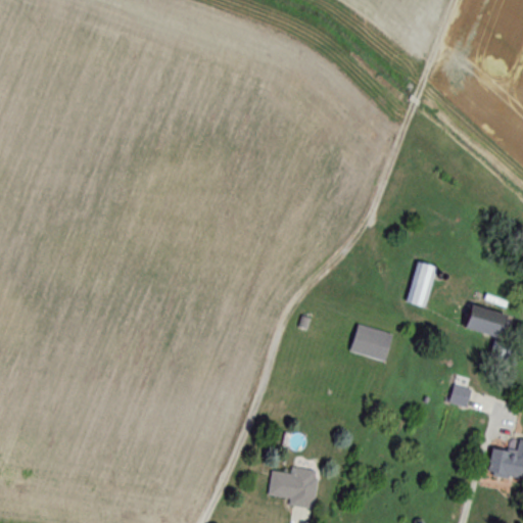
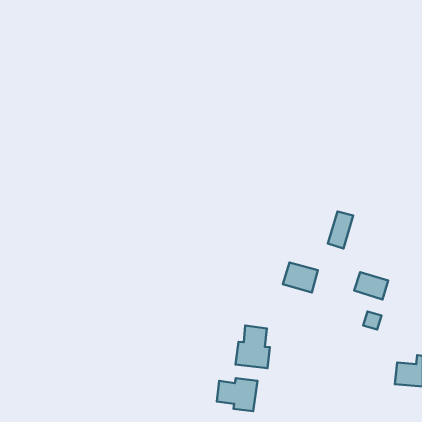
building: [467,304,509,338] -> [354,272,388,299]
building: none -> [236,326,270,368]

